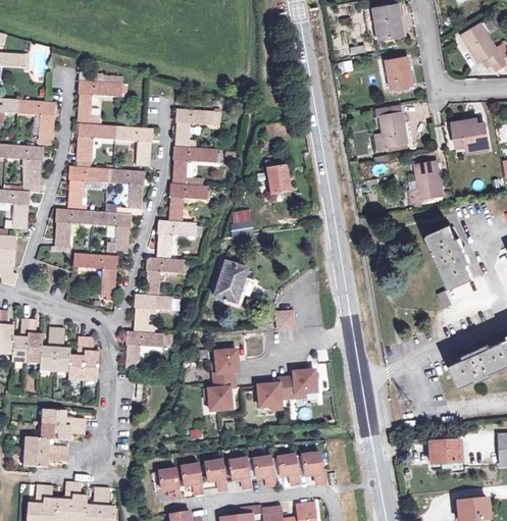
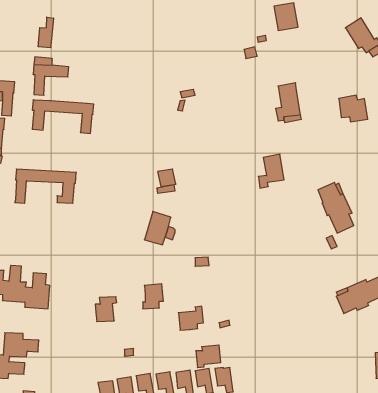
building: none -> [38,17,53,48]
building: [387,57,411,88] -> none
building: [125,109,216,369] -> none
building: [409,162,441,204] -> [258,154,284,188]
building: [68,163,144,208] -> none
building: [267,167,291,206] -> none
building: [73,253,117,300] -> none
building: [285,370,315,398] -> [196,345,221,368]
building: [207,379,234,410] -> [95,297,117,322]
building: [429,440,463,468] -> none

